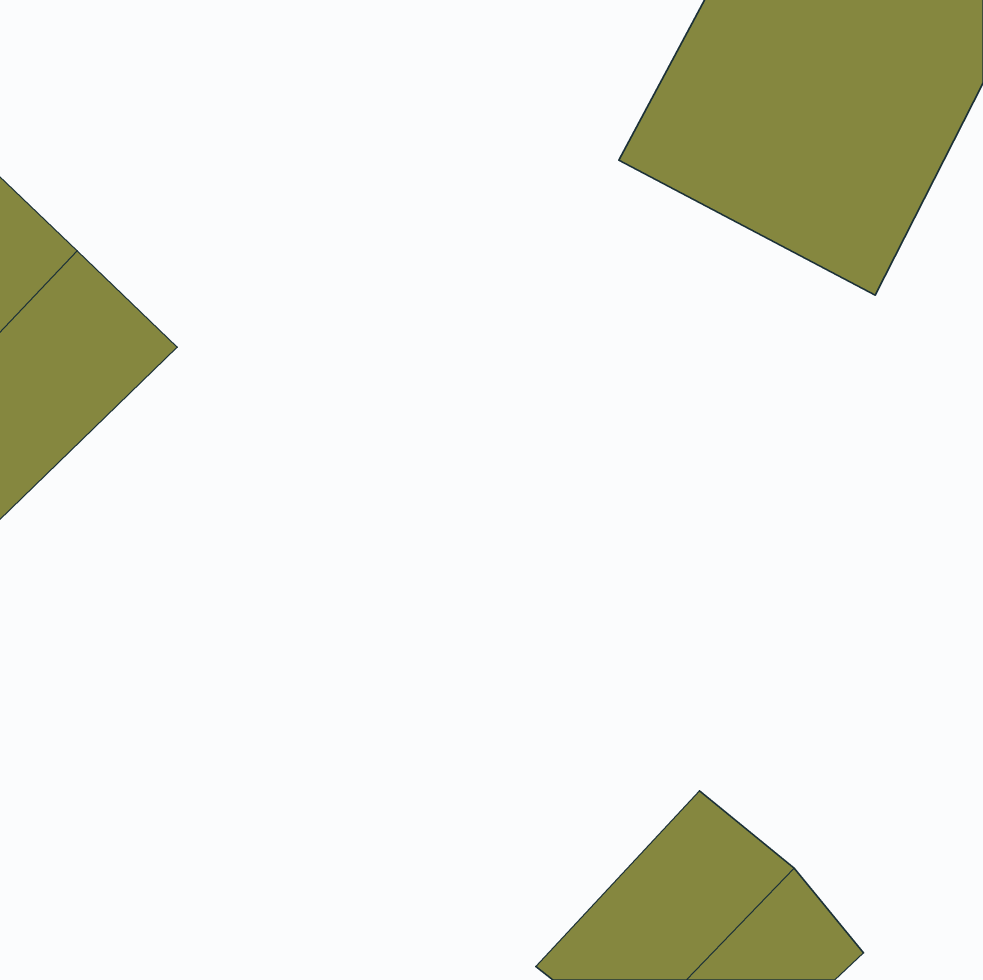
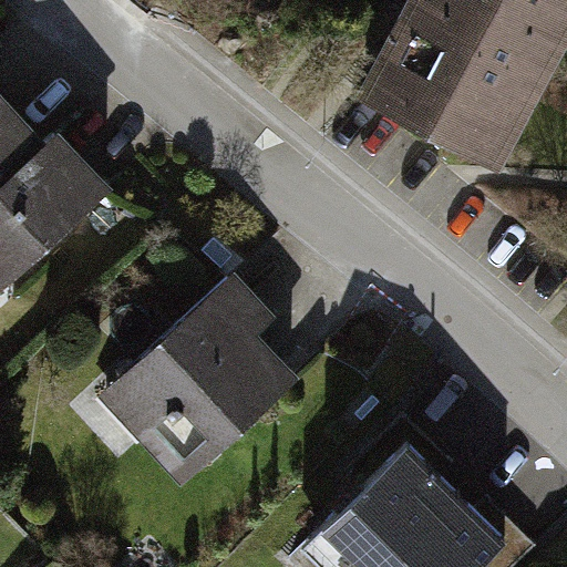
building: none -> [109,290,298,480]

